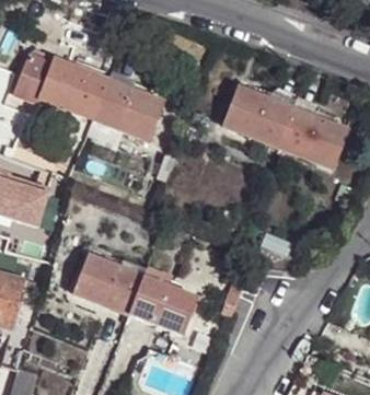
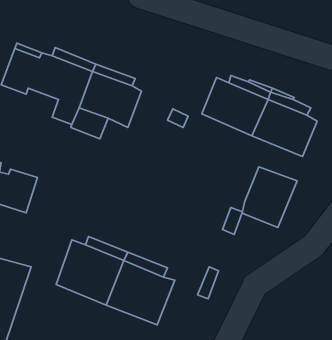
building: none -> [242,167,297,228]

